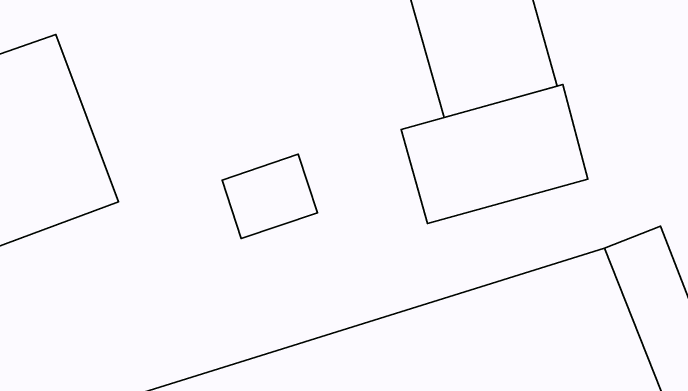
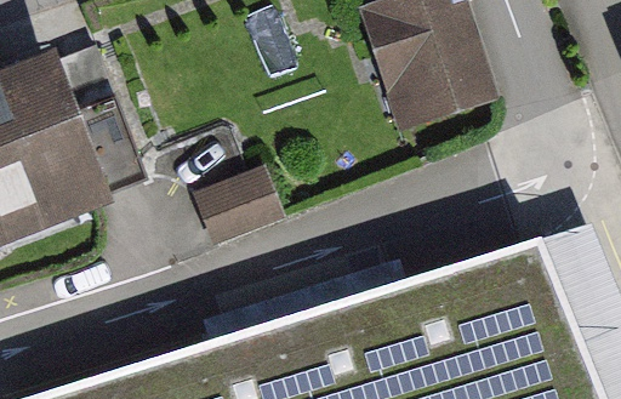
building: [401,85,588,224] -> none

